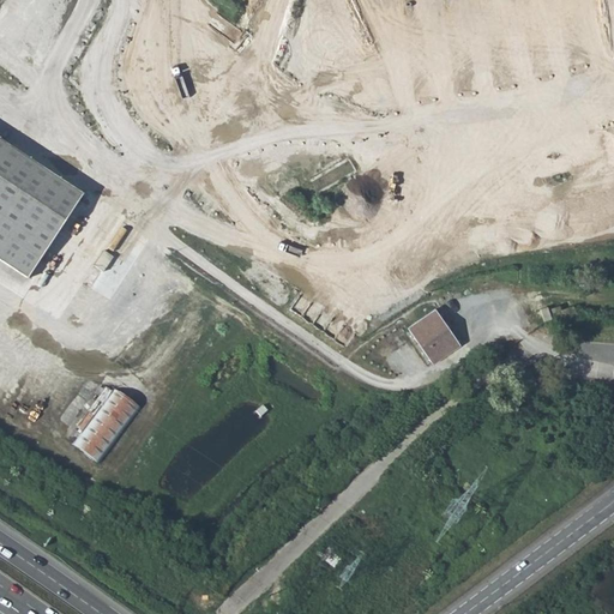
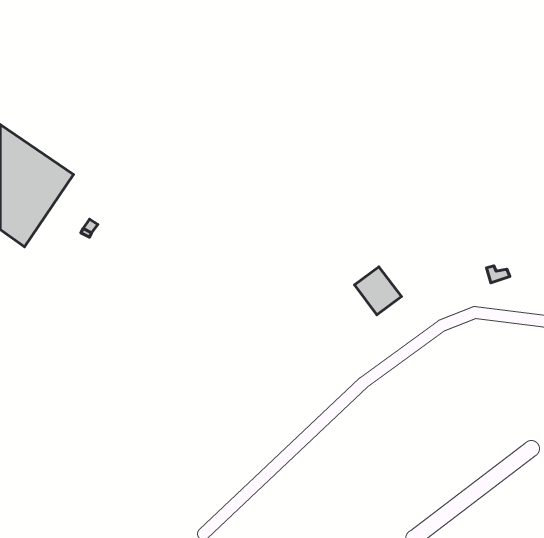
building: [72,383,138,458] -> none

